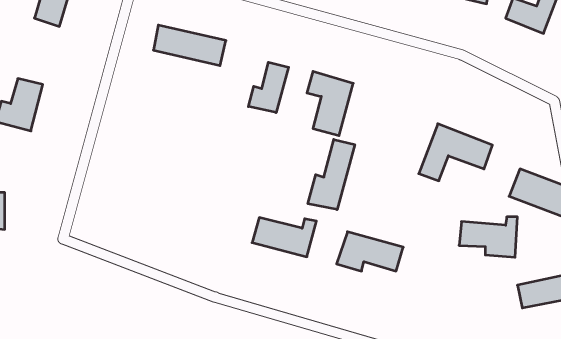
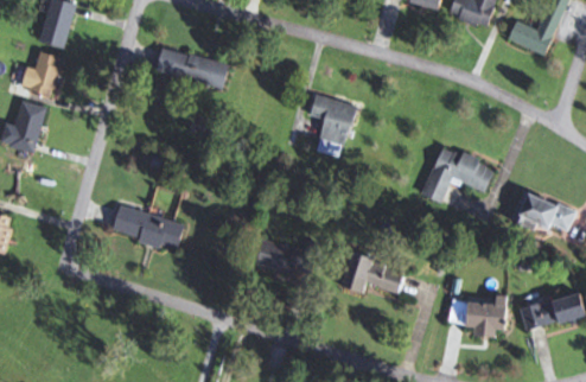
building: none -> [21,52,59,96]
building: [248,62,289,113] -> none
building: [308,139,355,210] -> none
building: none -> [112,205,184,250]
building: [459,217,517,257] -> [448,295,507,336]

